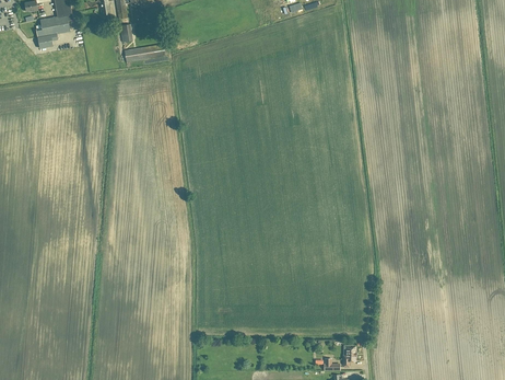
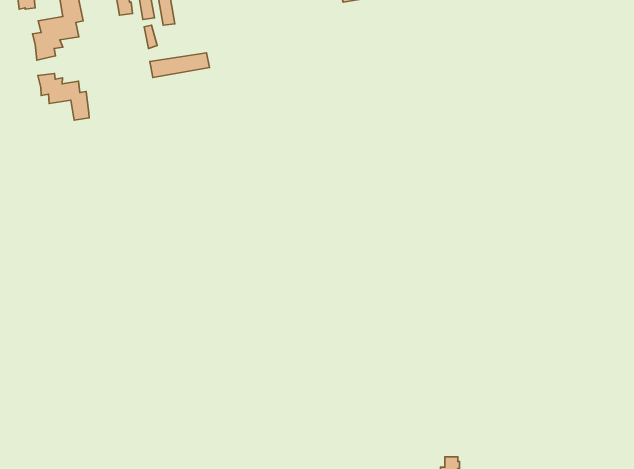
building: none -> [38,74,89,120]

